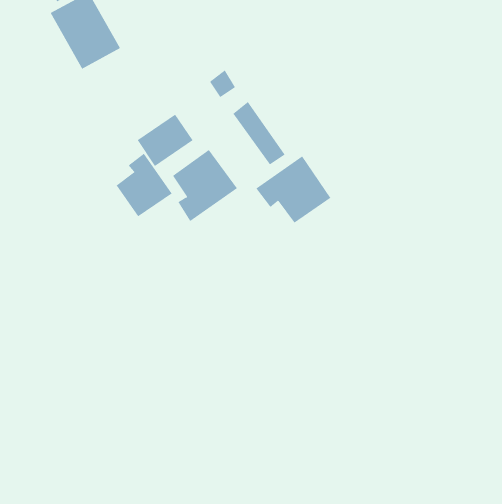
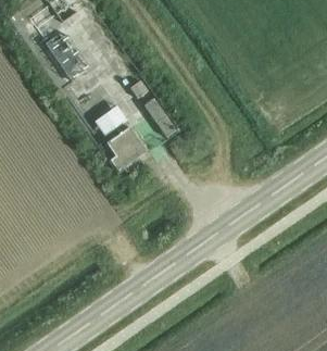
building: [116,153,172,217] -> none
building: [255,156,331,224] -> none

